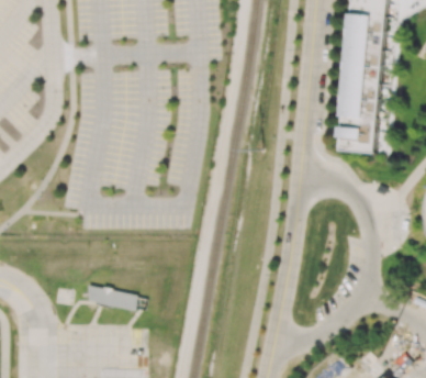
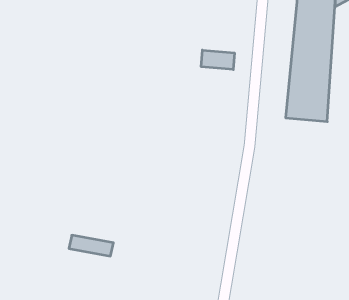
building: none -> [201,50,234,70]

